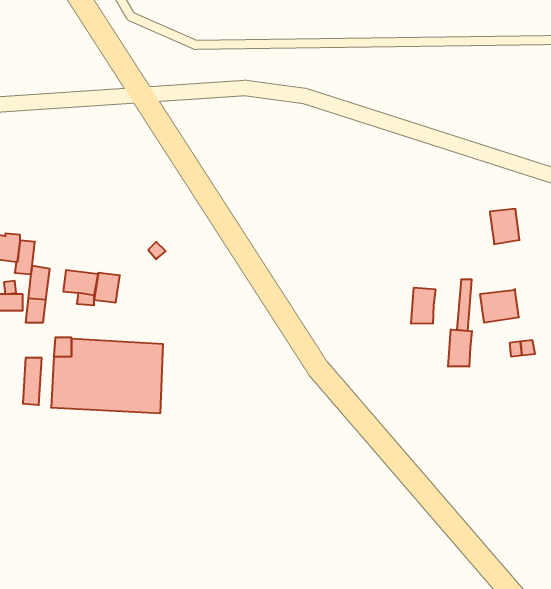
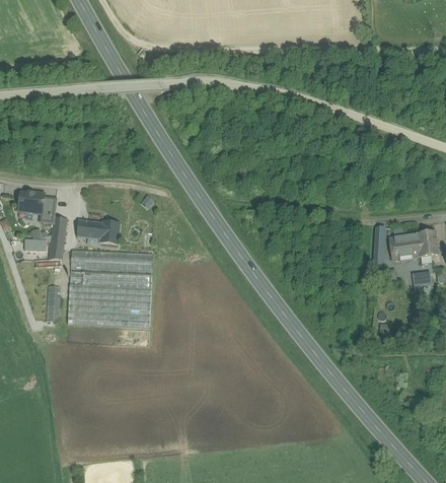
building: [490,209,520,244] -> [416,230,438,257]
building: [411,288,435,324] -> none
building: none -> [70,249,152,271]
building: [448,329,472,367] -> none

